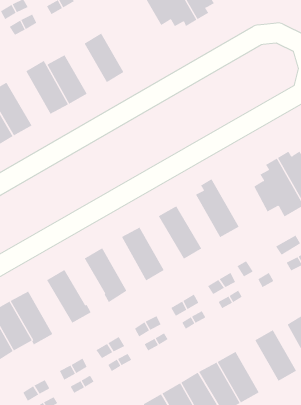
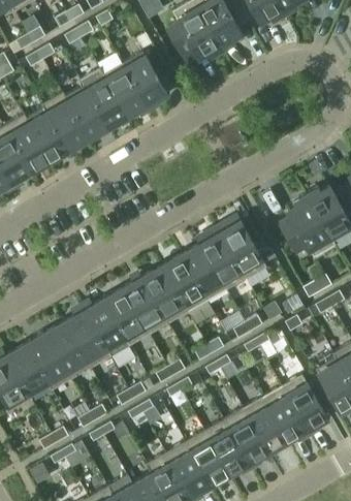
building: none -> [122,52,166,104]
building: none -> [84,74,127,127]
building: none -> [23,103,68,160]
building: none -> [196,232,246,289]
building: none -> [162,255,208,312]
building: none -> [123,277,168,334]
building: none -> [84,300,129,356]
building: none -> [45,322,91,379]
building: none -> [262,385,307,440]

